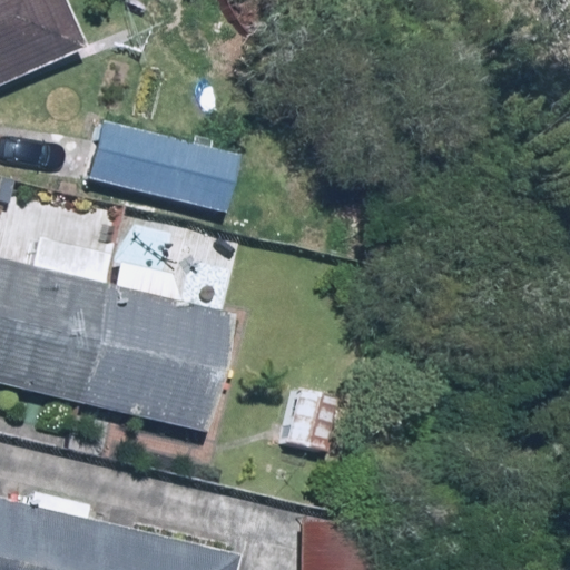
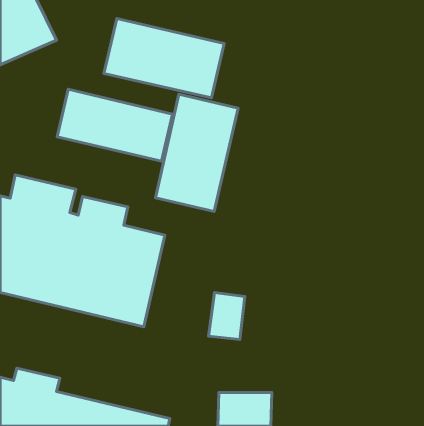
building: none -> [104,19,224,98]
building: none -> [156,94,238,211]

